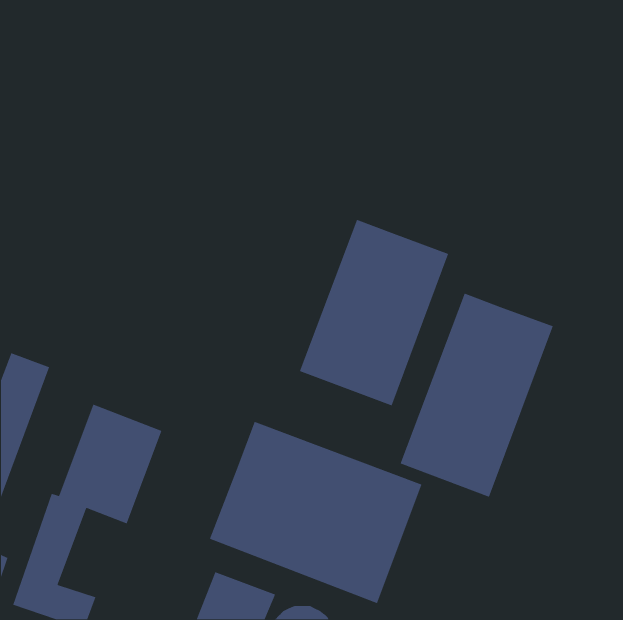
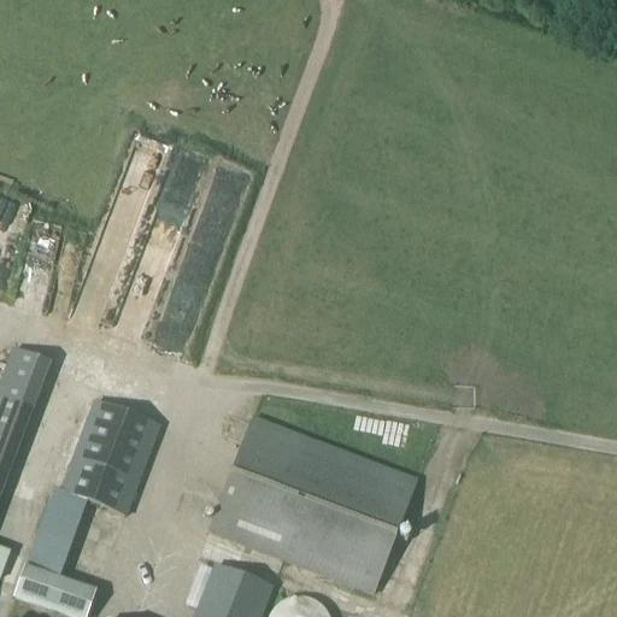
building: [299,219,449,407] -> none
building: [400,293,554,498] -> none

